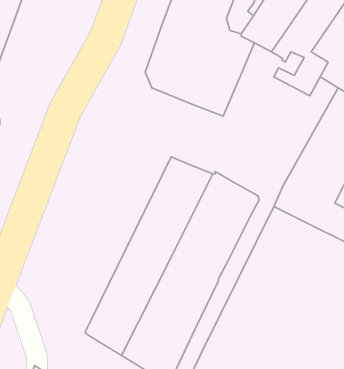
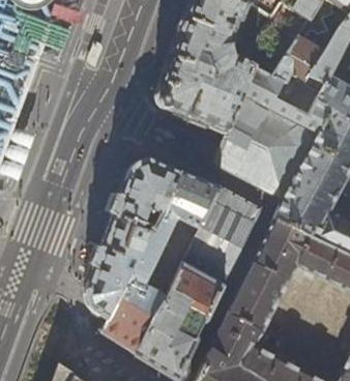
building: none -> [216,67,336,199]
building: none -> [86,159,182,322]

